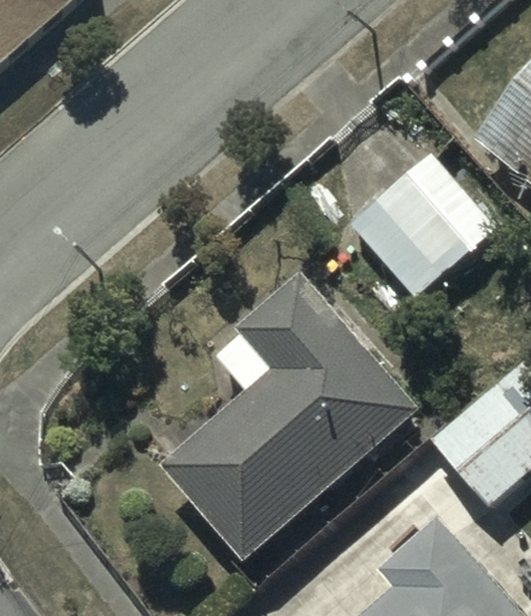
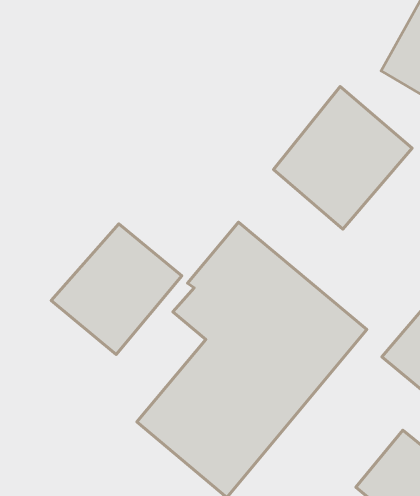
building: none -> [51,224,182,355]

